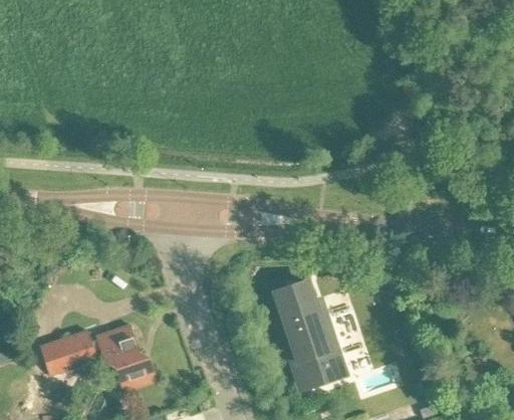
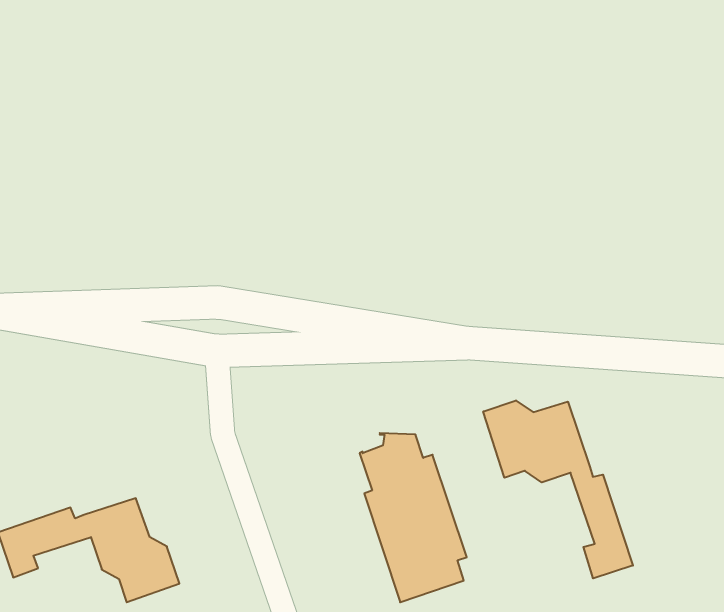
building: none -> [483,400,633,578]

